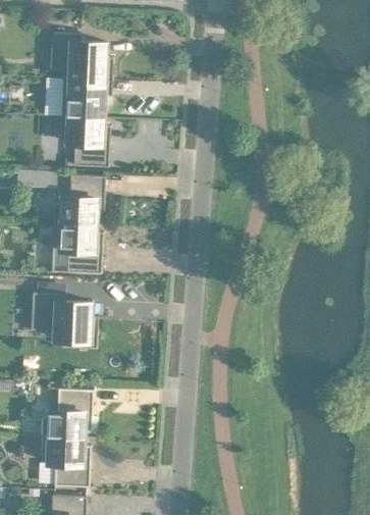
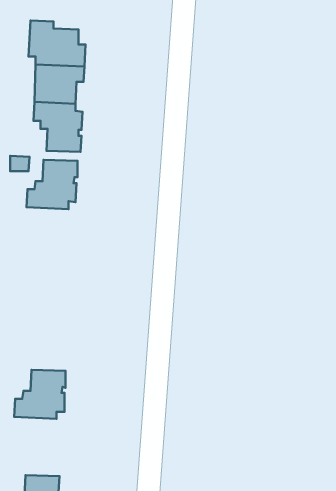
building: [49,222,101,273] -> none
building: [39,293,96,348] -> none
building: [39,435,89,486] -> none

